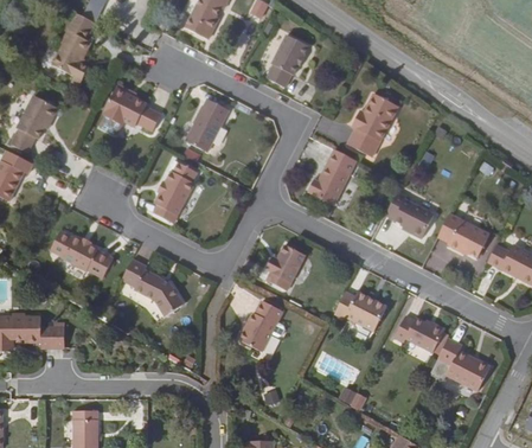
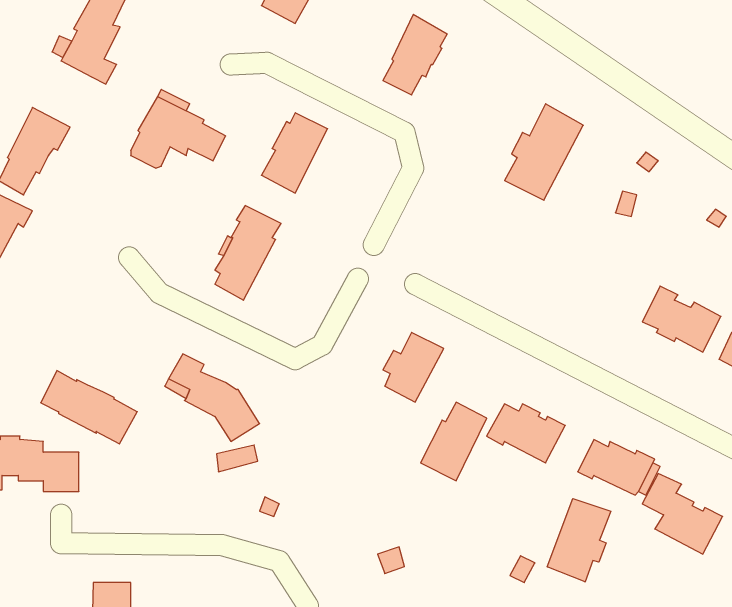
building: [307,149,357,205] -> none
building: [385,191,435,238] -> none
building: [50,230,114,279] -> [41,371,137,444]
building: [238,300,282,352] -> [421,402,487,481]
building: none -> [547,499,611,582]

